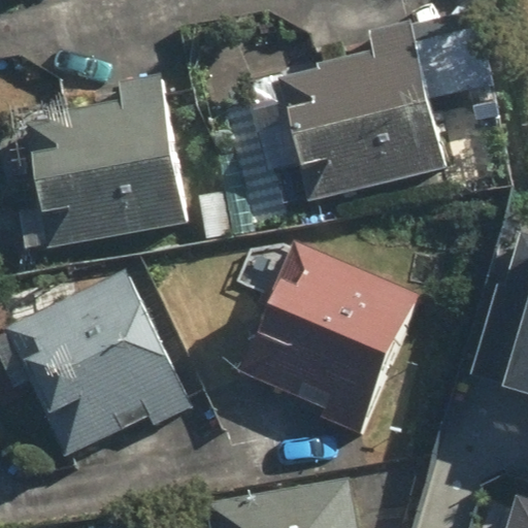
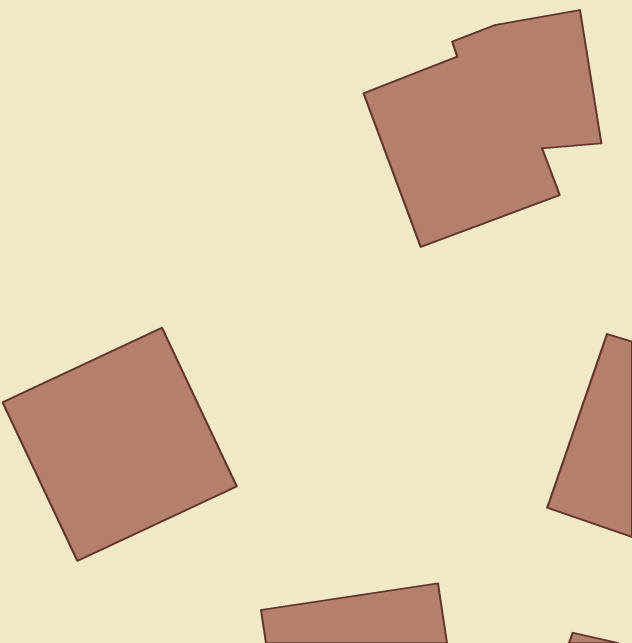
building: [24,99,178,249] -> none
building: [236,254,405,434] -> none

